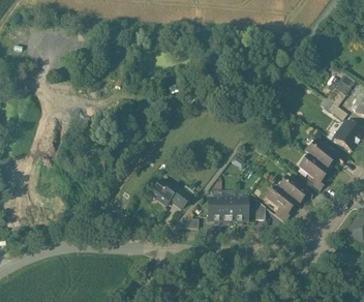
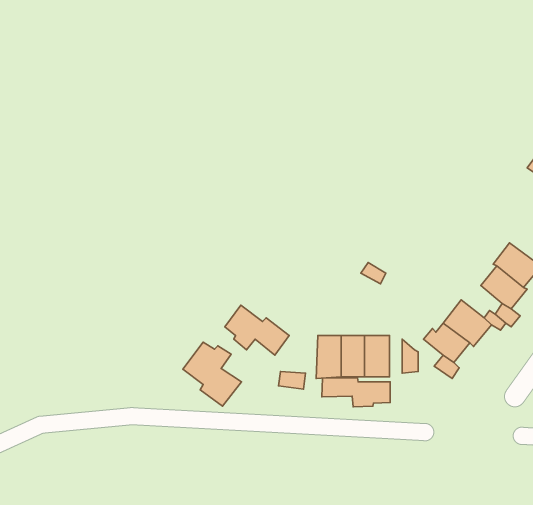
building: none -> [183,342,241,406]
building: none -> [322,378,390,407]

